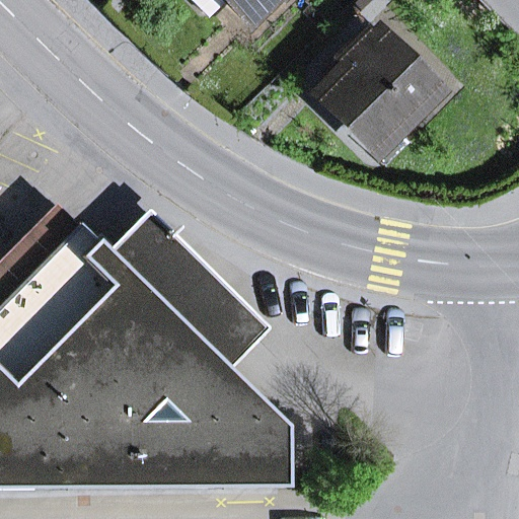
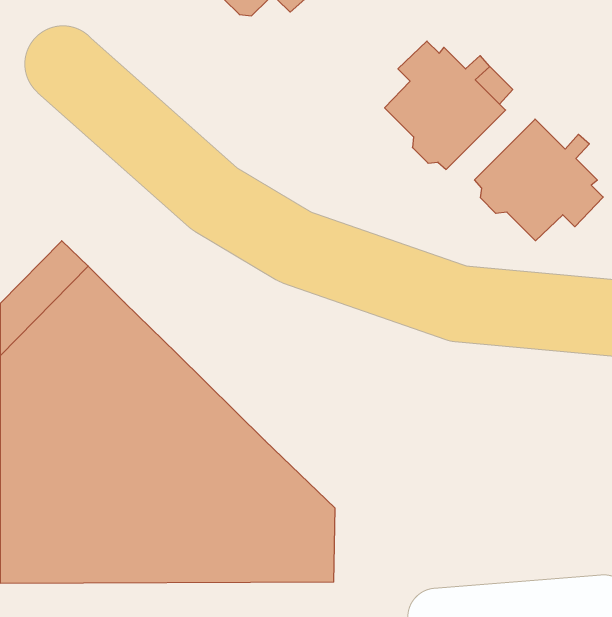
building: none -> [475,119,603,241]
building: [109,213,267,369] -> none

